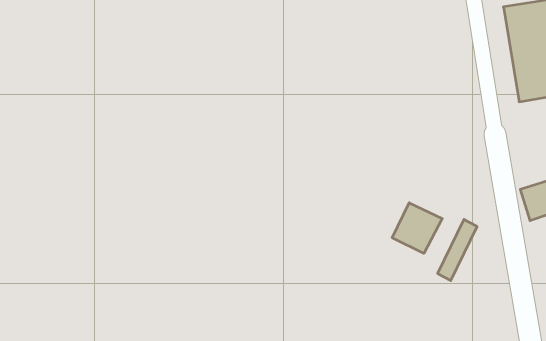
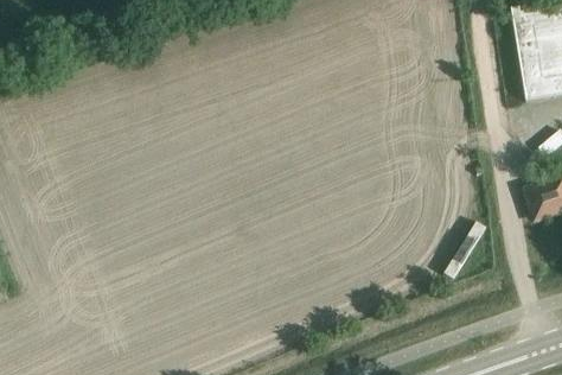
building: [392,203,442,253] -> none

